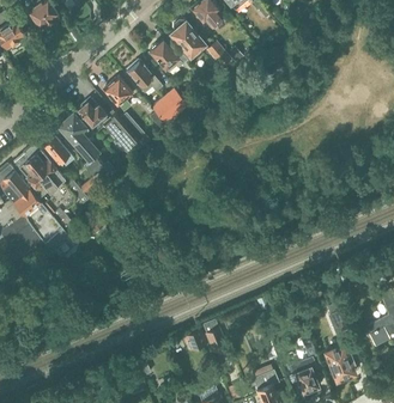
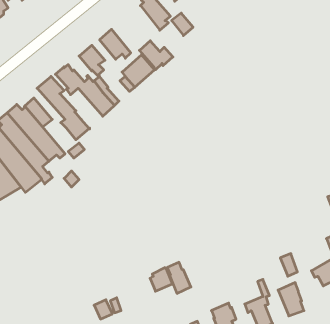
building: [151,39,188,72] -> [139,41,173,70]

